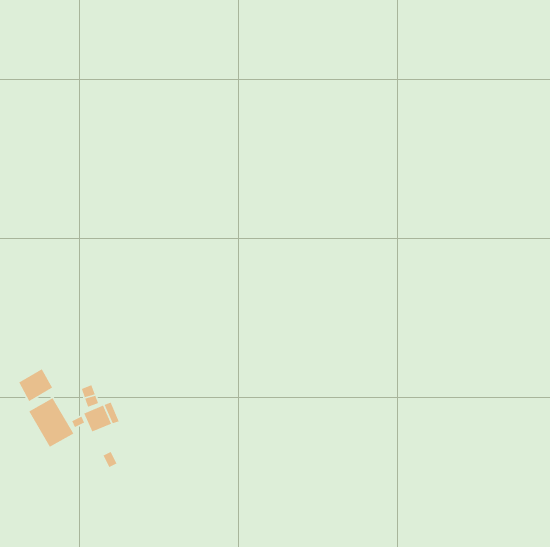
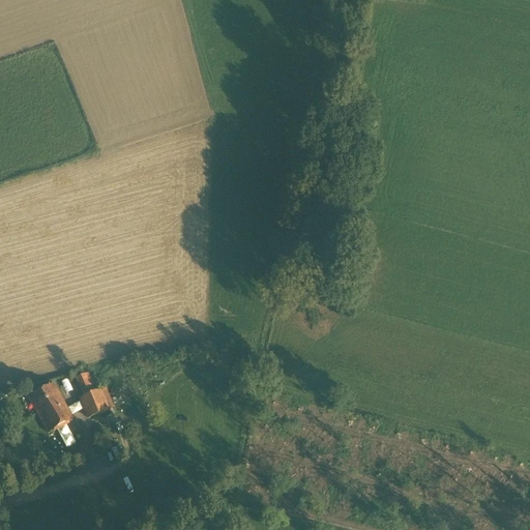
building: [18,368,53,402] -> none

